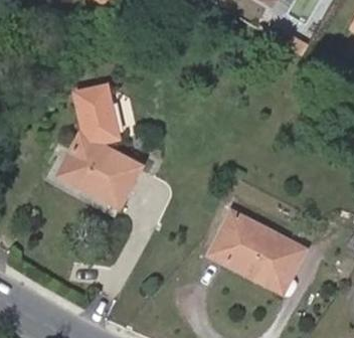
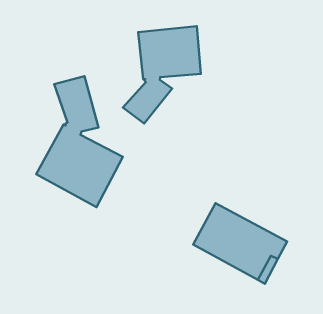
building: none -> [123,26,201,124]

